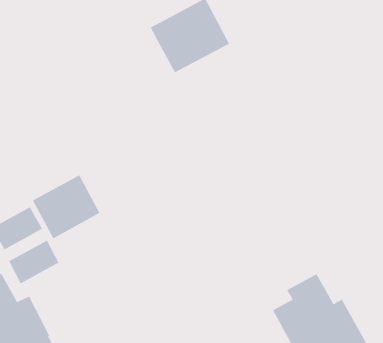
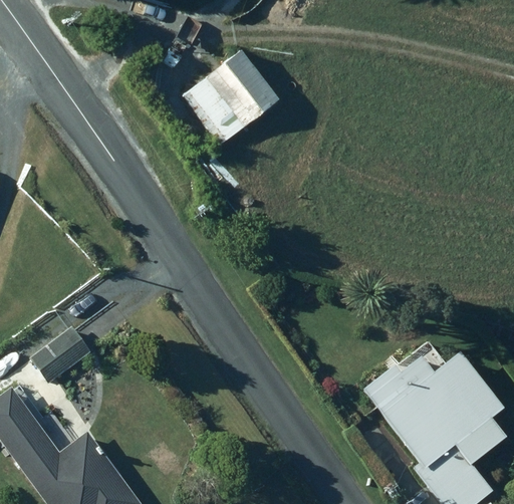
building: [32,175,100,239] -> none
building: [8,240,59,284] -> none

